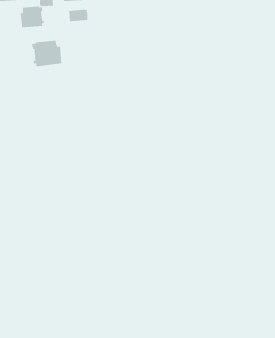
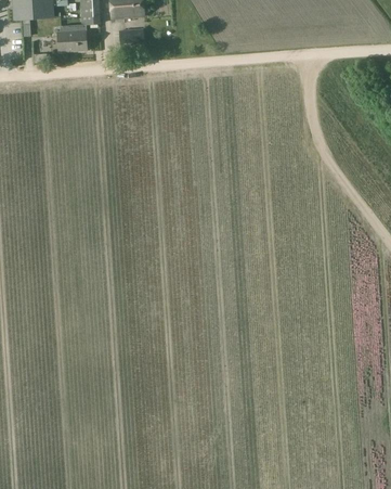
building: [32,40,62,67] -> none

